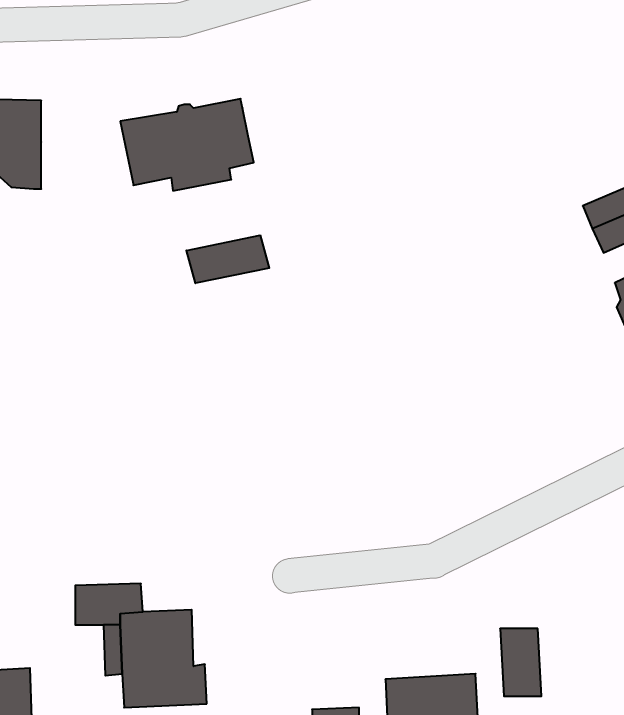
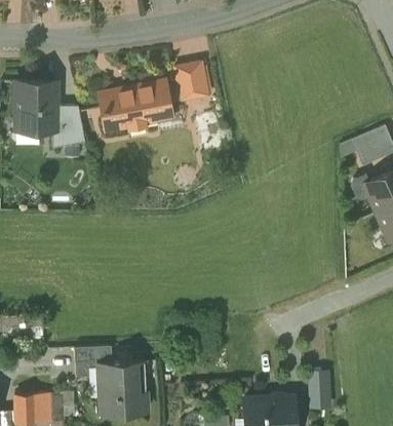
building: none -> [166,62,208,102]
building: none -> [52,105,85,148]
building: [186,235,269,283] -> none

